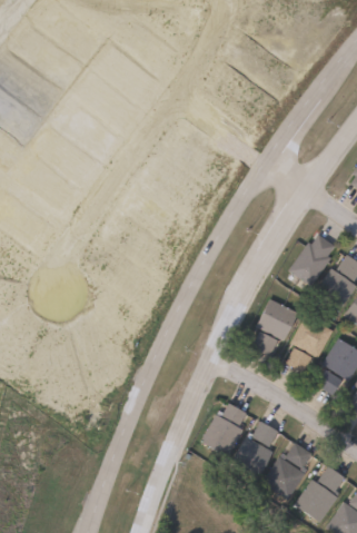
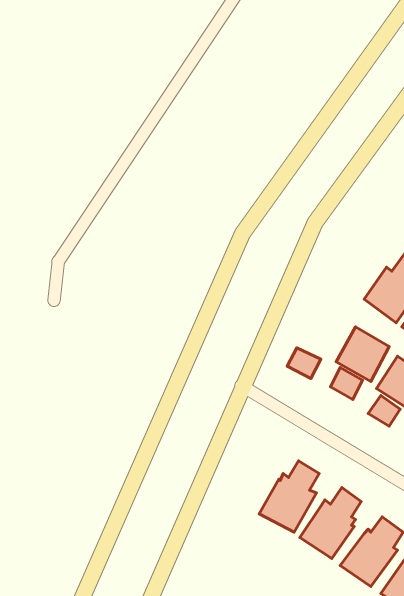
building: [287,234,335,286] -> none
building: [255,298,297,340] -> none
building: [200,403,246,456] -> none

